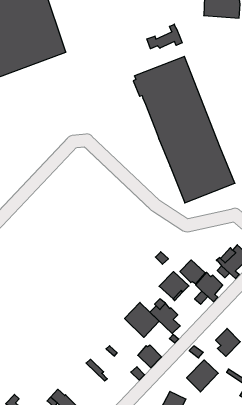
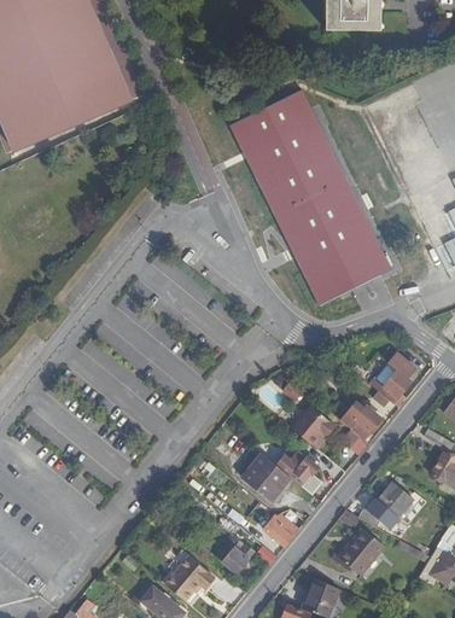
building: [147,24,182,49] -> none
building: [180,260,205,284] -> none
building: none -> [221,541,253,575]
building: none -> [167,556,216,601]

